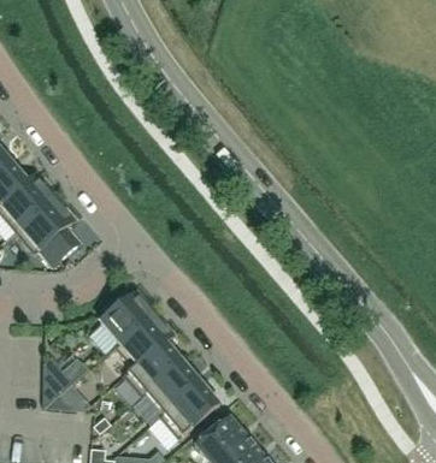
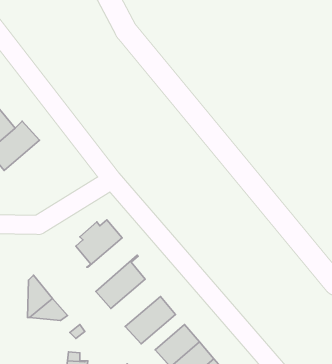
building: [14,195,79,265] -> none
building: [114,311,173,375] -> none
building: [142,361,201,417] -> none

